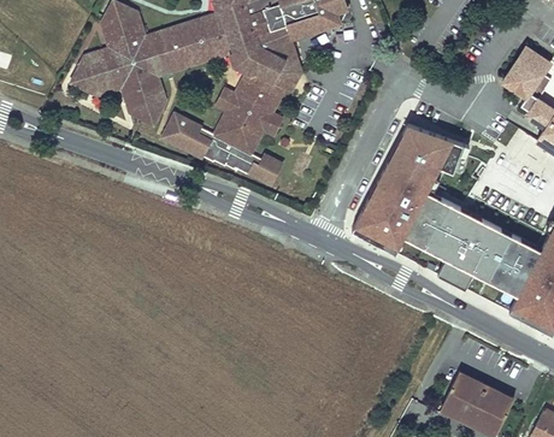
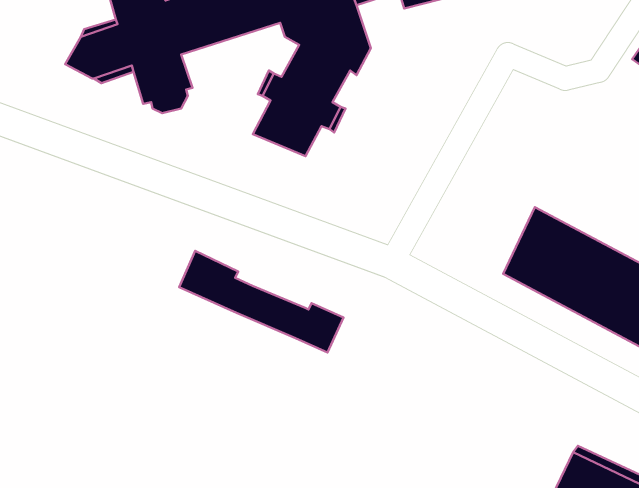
building: [159,110,283,187] -> [179,251,343,352]
building: [354,124,470,252] -> none

